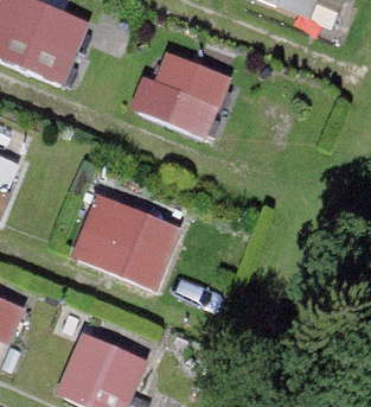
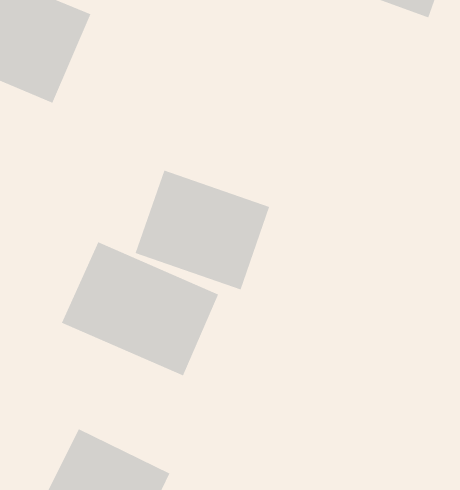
building: [133,50,232,139] -> [135,170,270,290]

